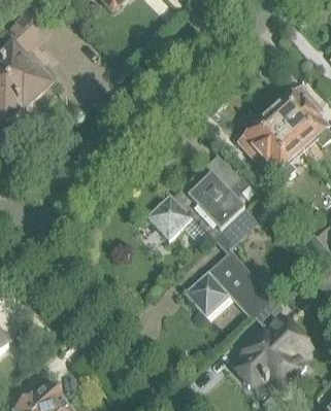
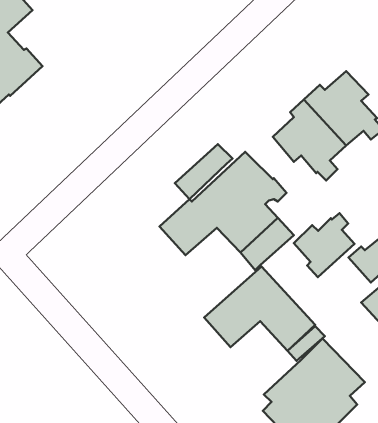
building: none -> [175,144,233,199]
building: none -> [294,213,354,277]

